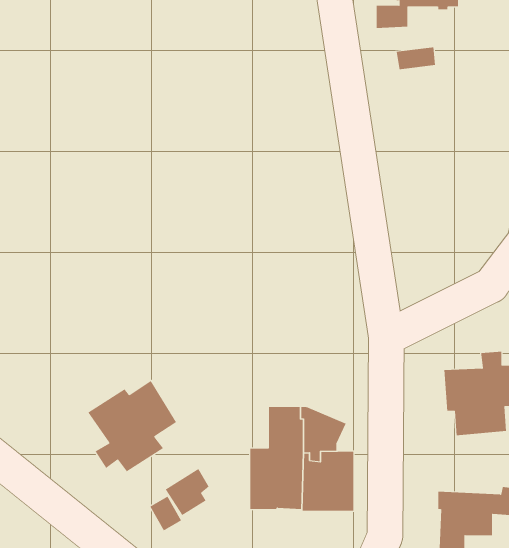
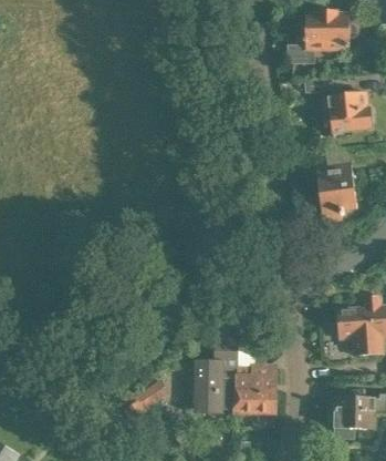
building: none -> [321,93,374,140]
building: none -> [315,150,356,222]
building: [87,380,177,472] -> none

